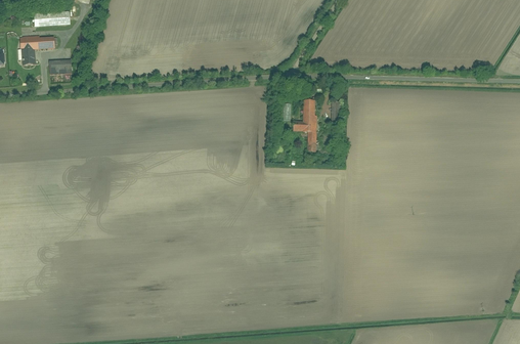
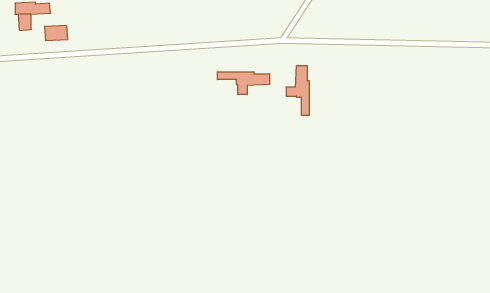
building: none -> [217,72,270,95]

